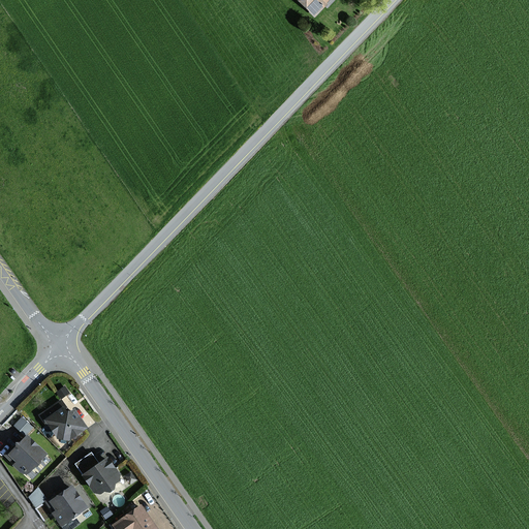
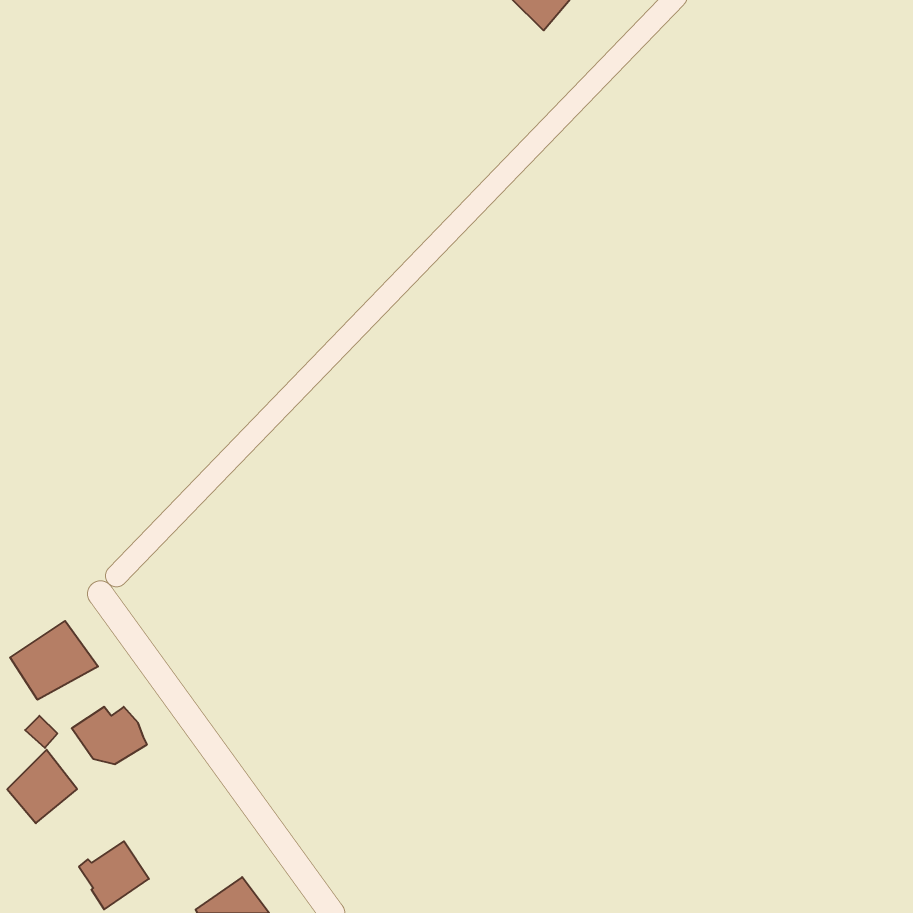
building: none -> [10,621,98,700]
building: [82,456,119,493] -> none

